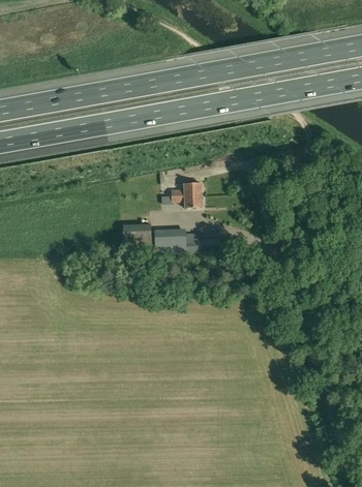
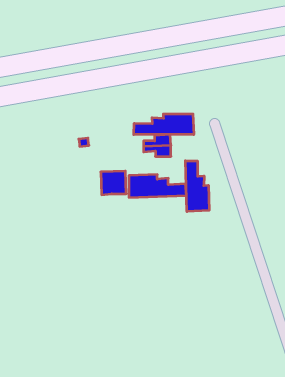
building: none -> [134,114,194,135]
building: none -> [185,161,209,212]

